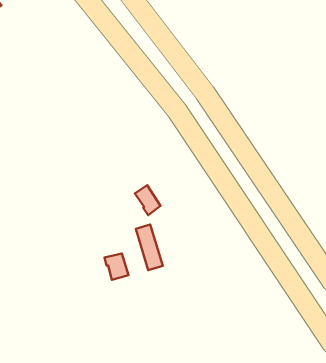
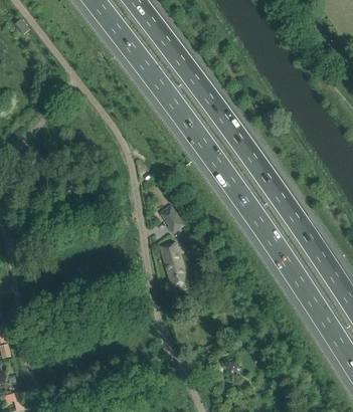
building: [105,253,128,280] -> none

